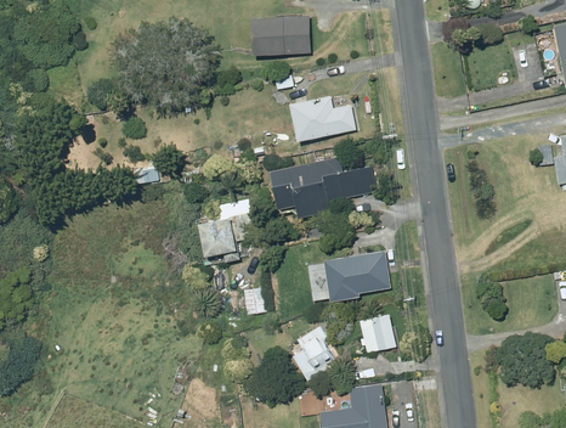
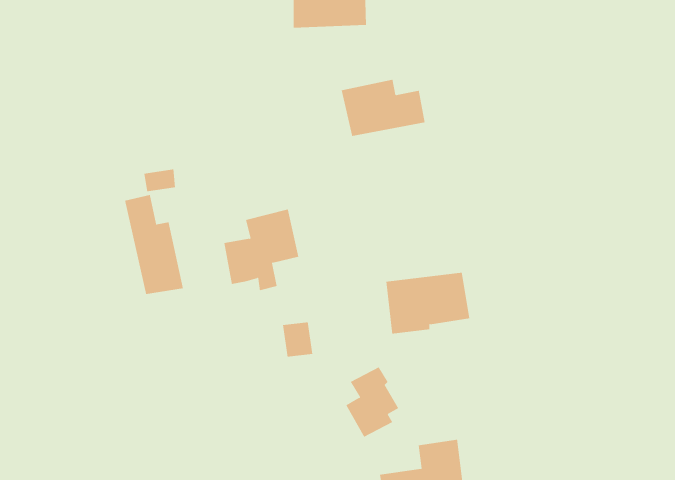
building: [270,158,377,220] -> none
building: none -> [124,194,184,295]
building: [360,311,396,351] -> none

